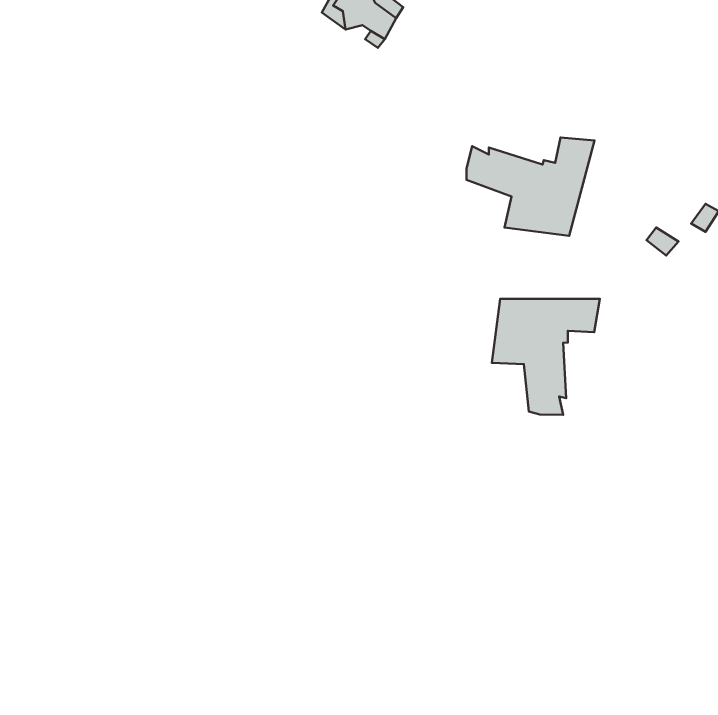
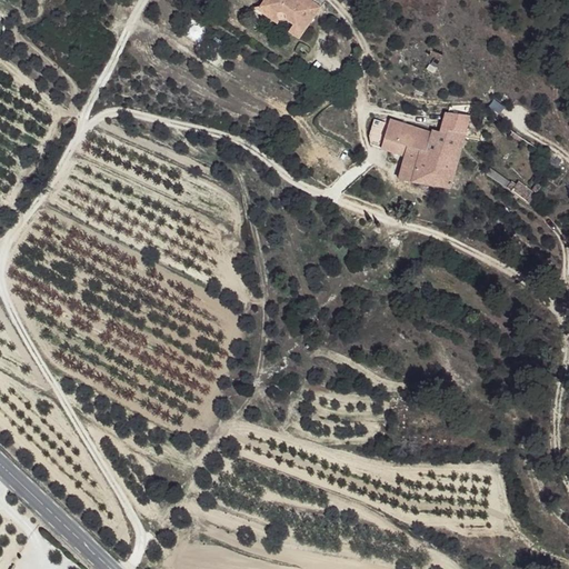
building: [492,299,600,415] -> none

